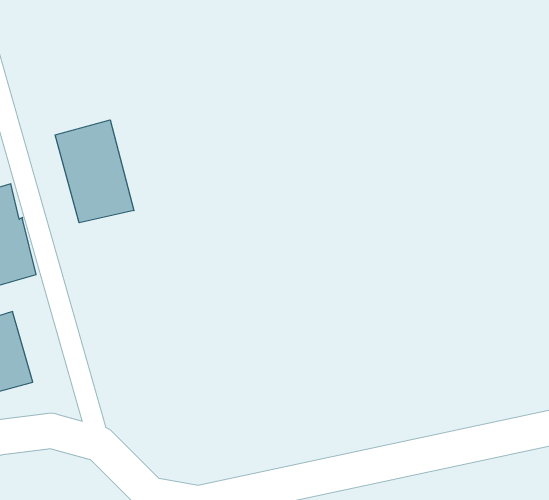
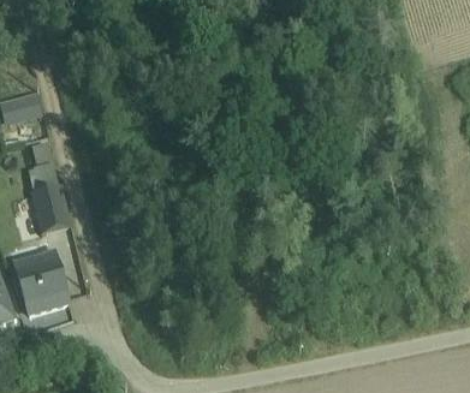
building: [55,120,134,223] -> none

